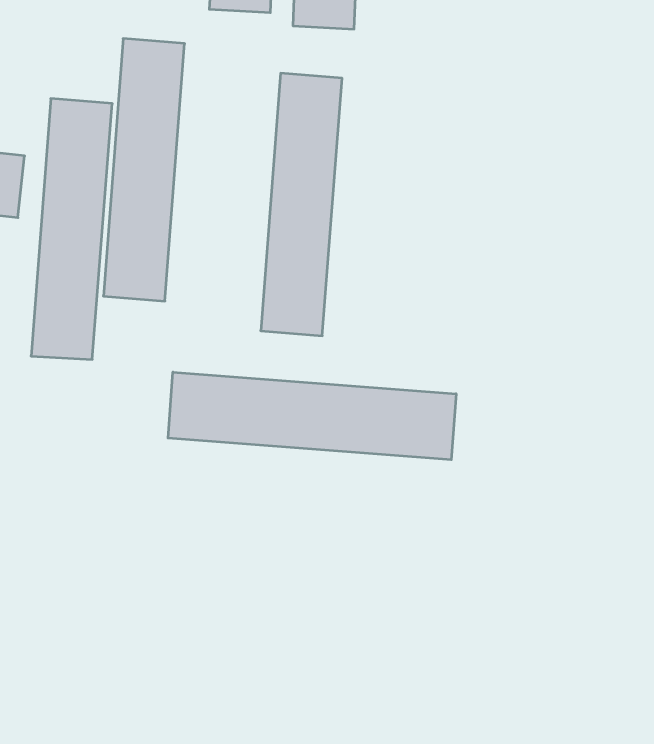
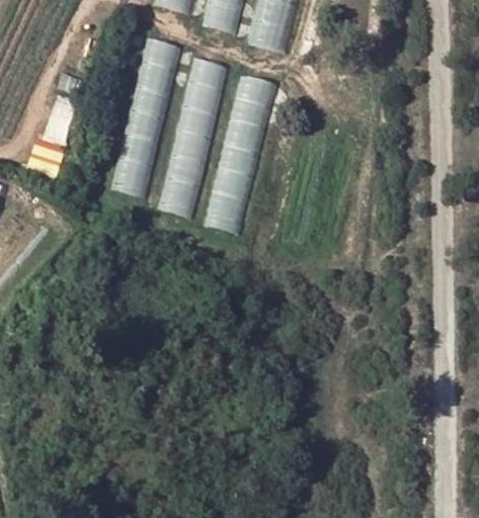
building: [31,99,112,359] -> [154,56,228,217]
building: [168,372,456,460] -> none

